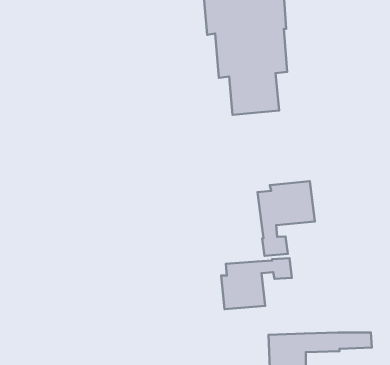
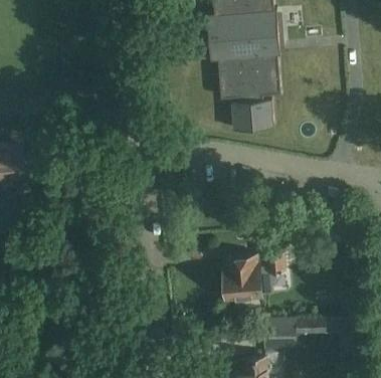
building: [257,181,315,256] -> none

